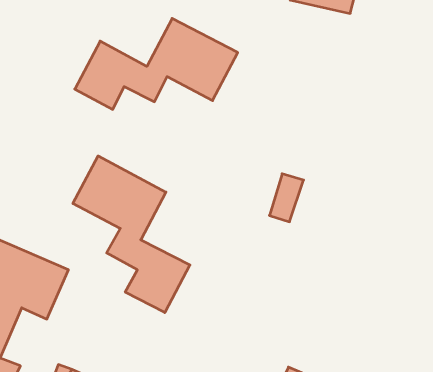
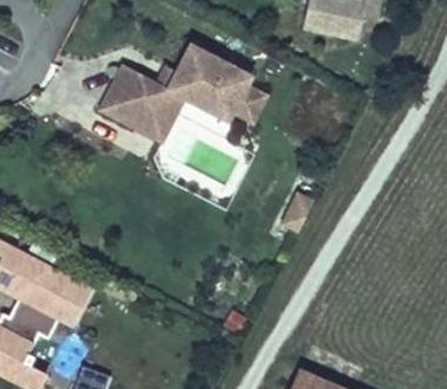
building: [73,156,190,313] -> none

